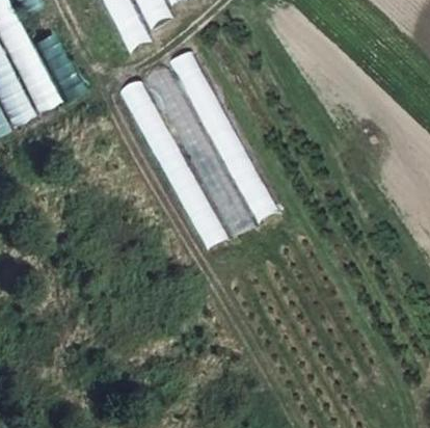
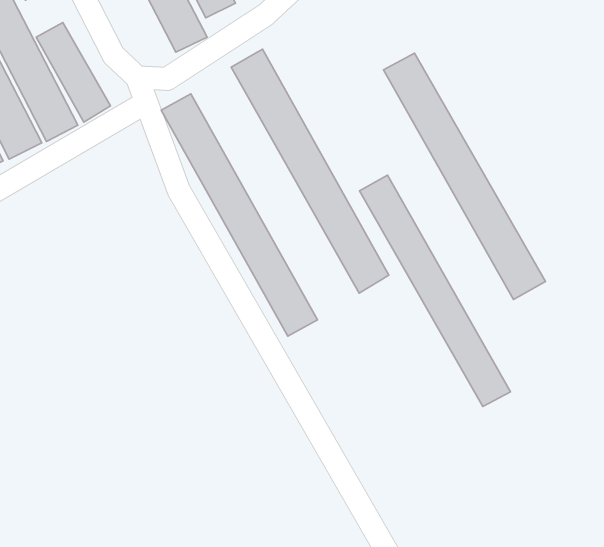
building: none -> [383,53,545,299]
building: [143,65,253,236] -> none
building: none -> [359,175,510,407]

